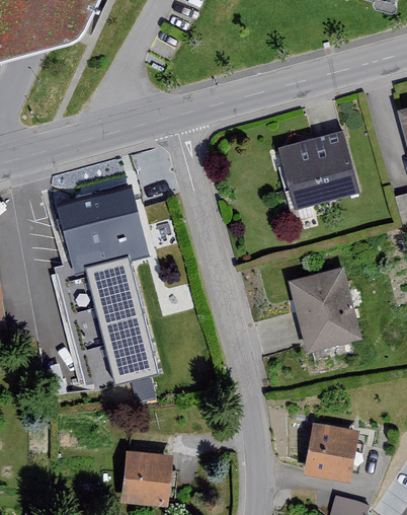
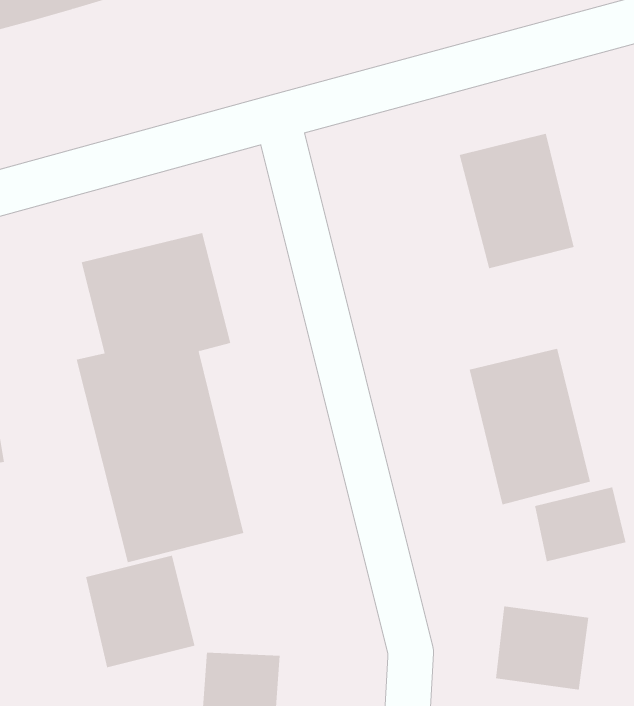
building: none -> [534,487,626,562]
building: none -> [86,555,195,668]

